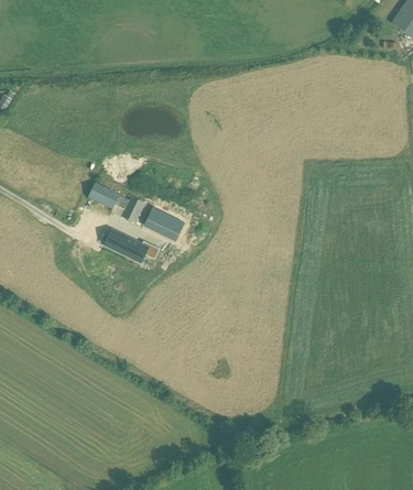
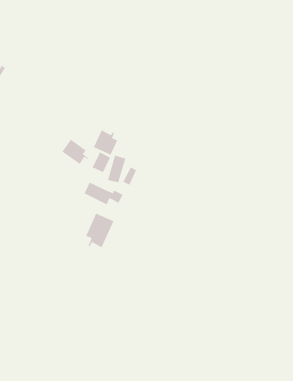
building: none -> [93,130,118,155]
building: none -> [85,213,114,248]

